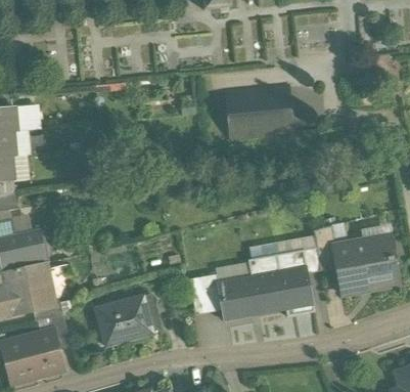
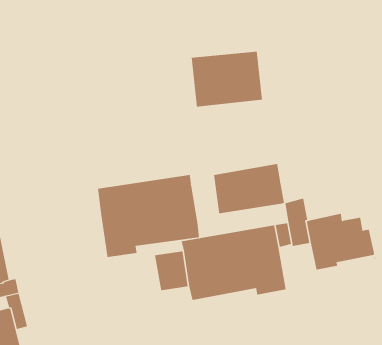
building: none -> [214,163,284,214]
building: none -> [97,174,199,258]
building: [96,297,152,347] -> none

